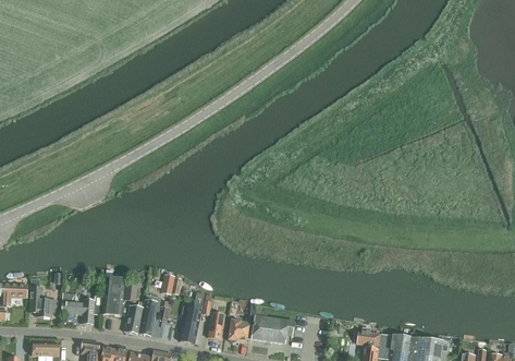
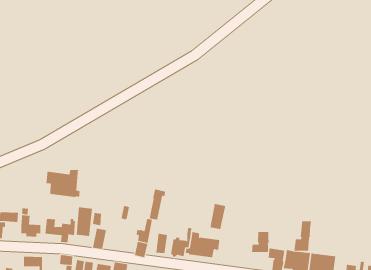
building: none -> [46,169,80,198]
building: none -> [210,203,226,230]
building: [138,293,161,335] -> [149,189,166,220]
building: none -> [294,220,311,252]
building: none -> [251,231,269,253]

